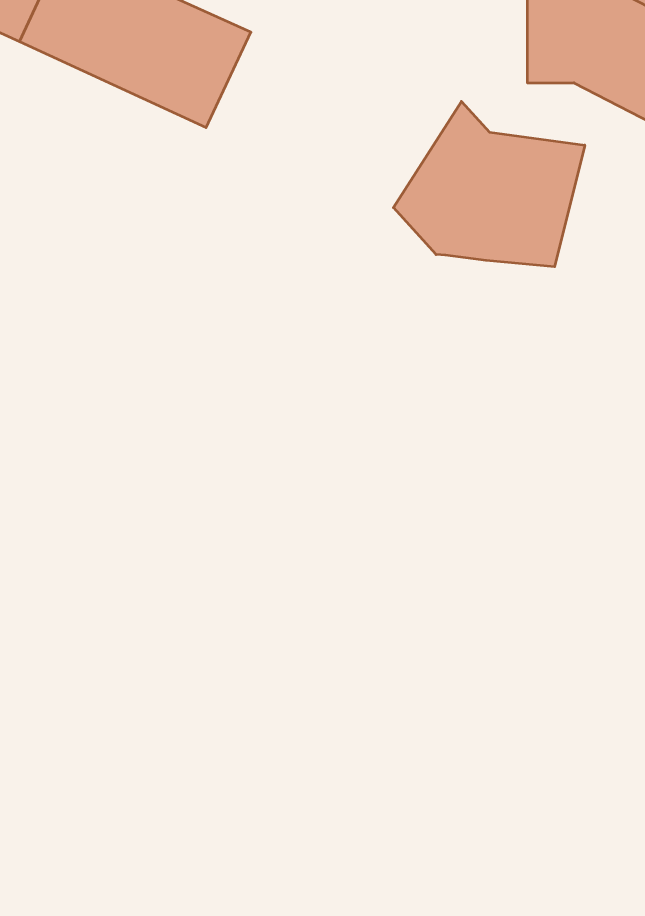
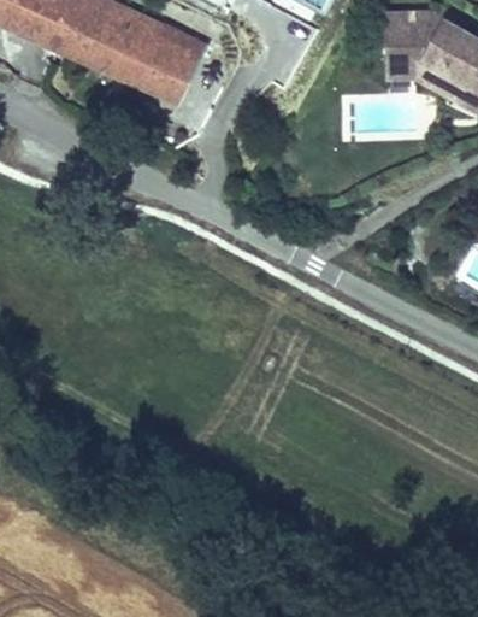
building: [393,101,585,267] -> none

